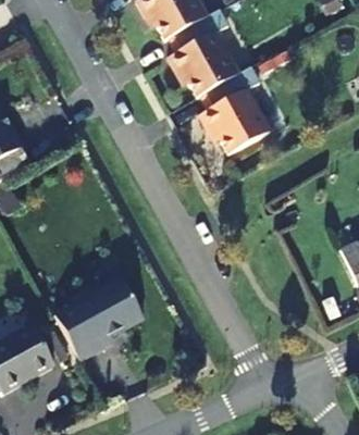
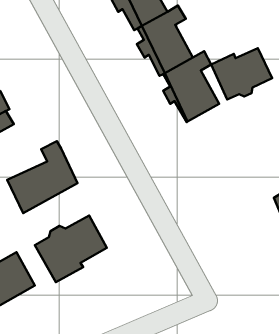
building: none -> [211,48,272,100]
building: none -> [7,141,78,213]

